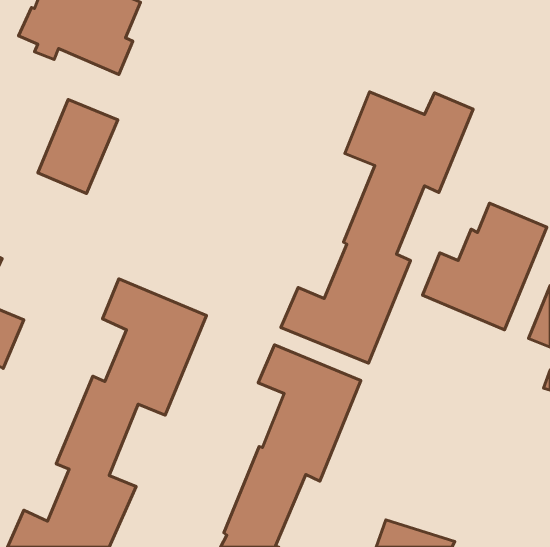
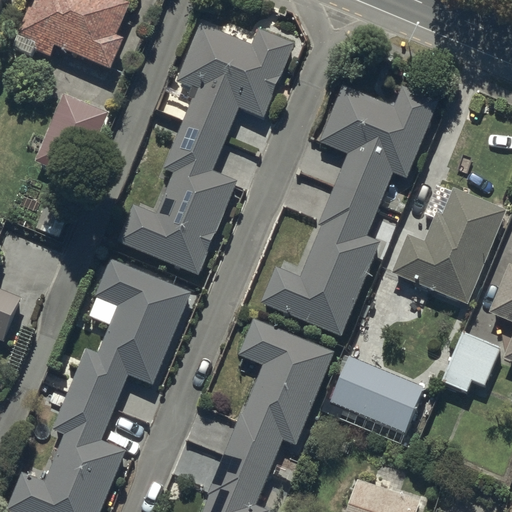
building: none -> [117,22,294,274]
building: none -> [442,333,500,392]
building: none -> [331,357,424,433]

